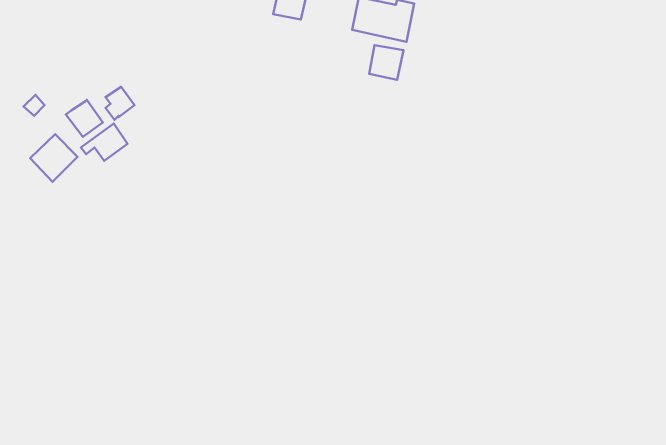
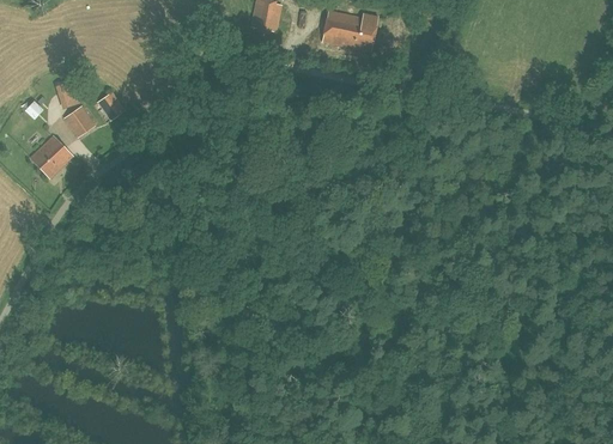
building: [369,45,403,80] -> none
building: [81,123,127,161] -> none

